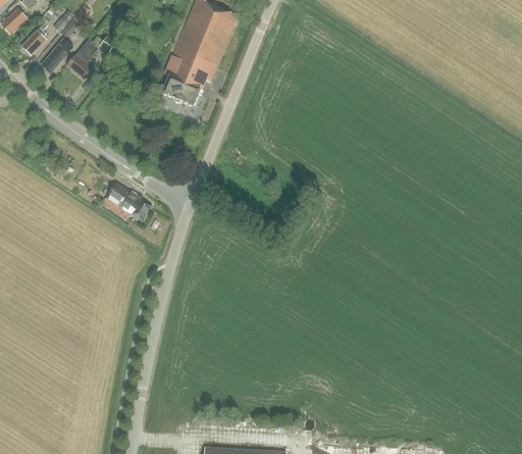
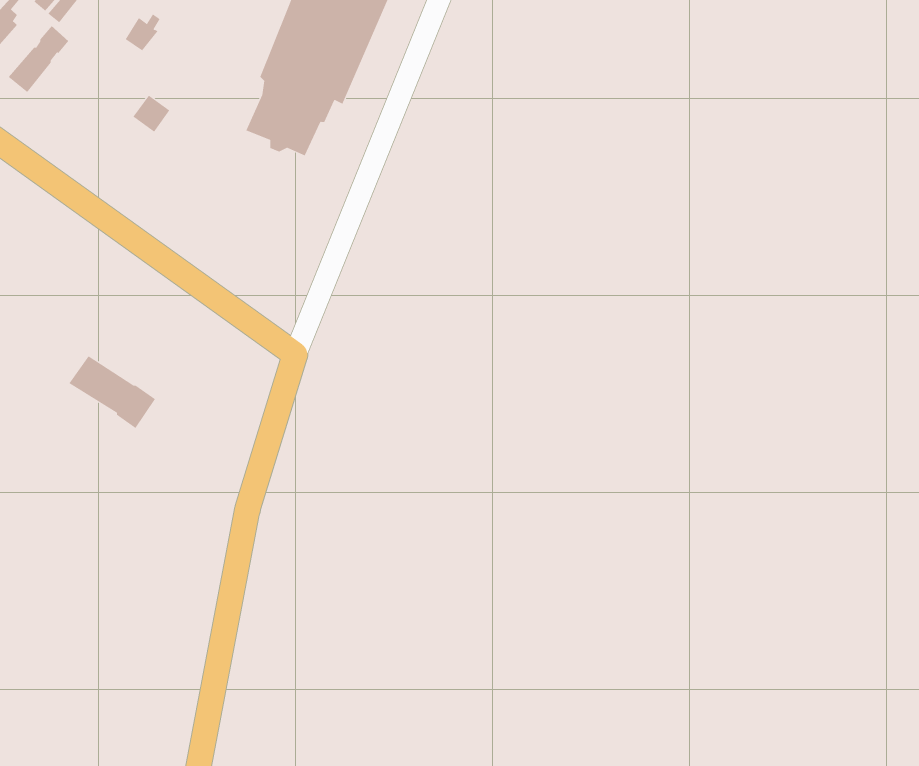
building: [67,35,101,75] -> none
building: [106,183,151,220] -> [68,355,156,429]

